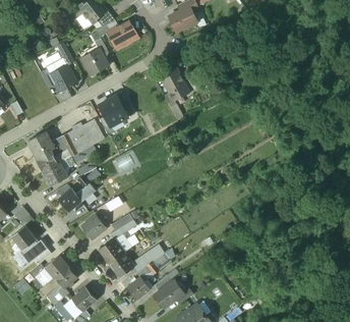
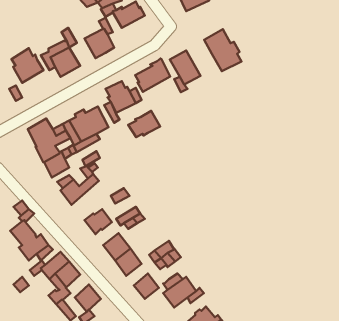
building: none -> [204,29,242,71]
building: none -> [12,48,43,83]
building: none -> [135,59,170,92]
building: none -> [128,111,160,137]

